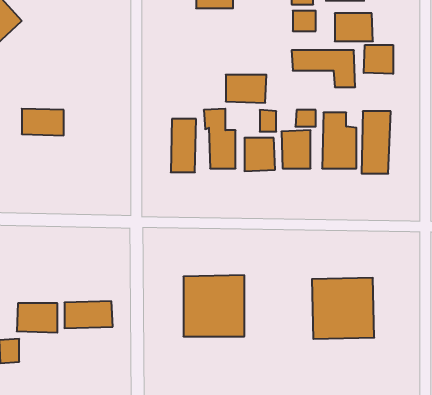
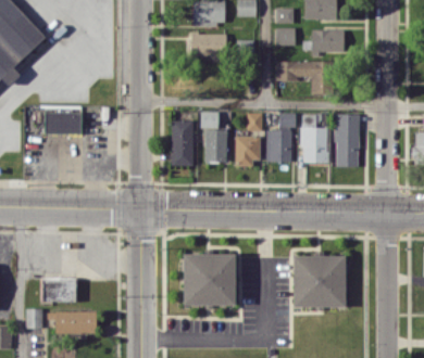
building: [364,45,393,74] -> none
building: [226,75,266,103] -> [191,33,226,56]
building: [64,301,113,328] -> [55,310,97,333]

